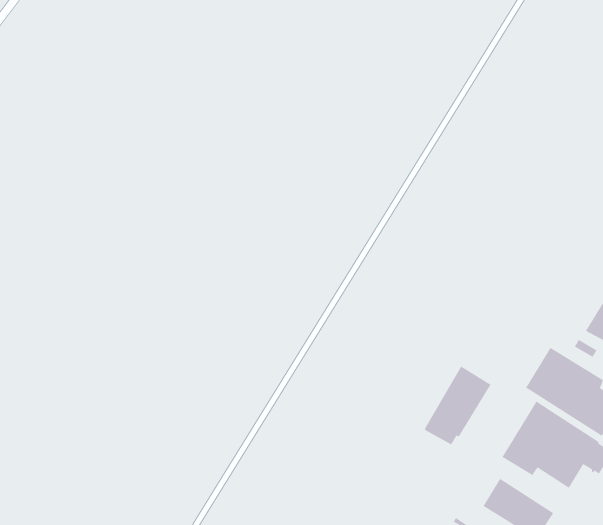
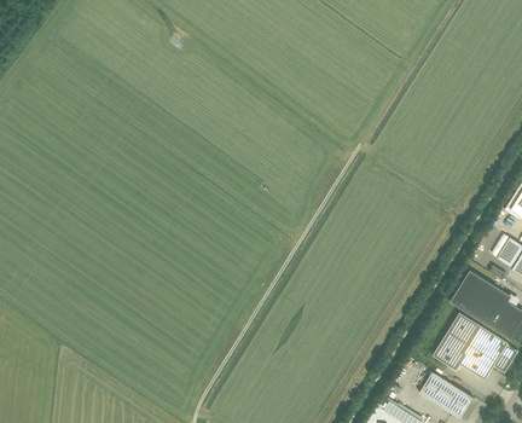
building: [424,365,492,446] -> none

